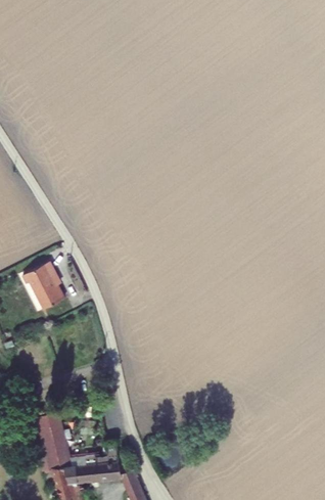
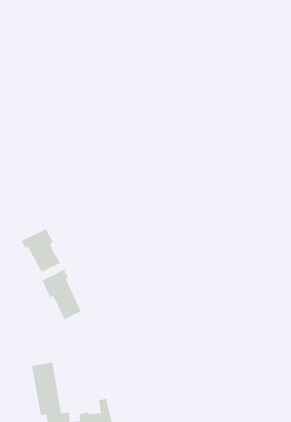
building: none -> [42,269,82,320]

